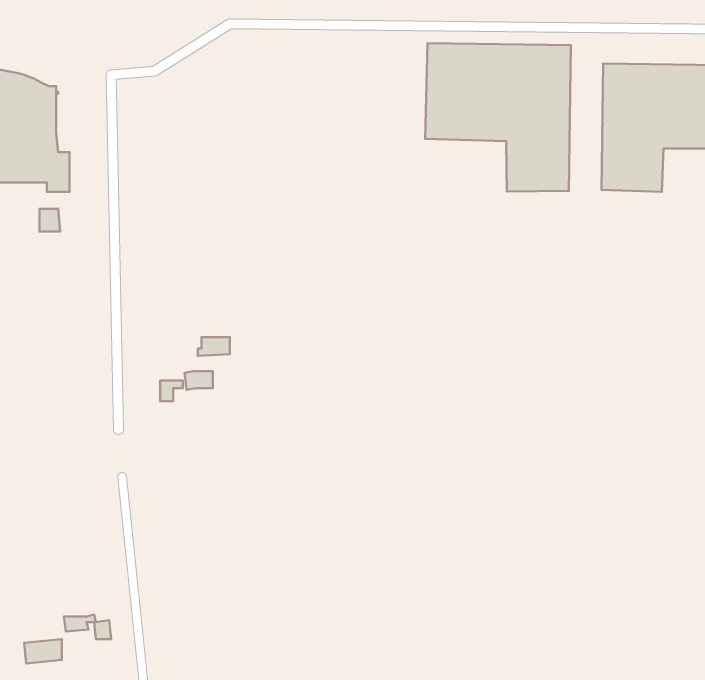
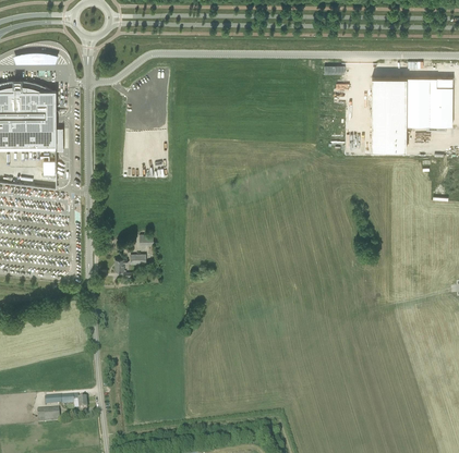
building: [425,43,571,191] -> none

